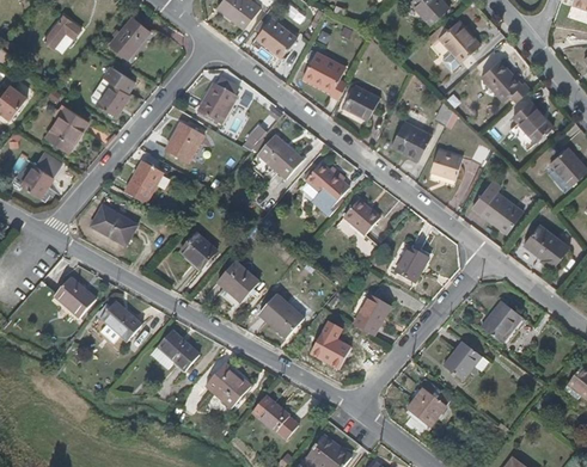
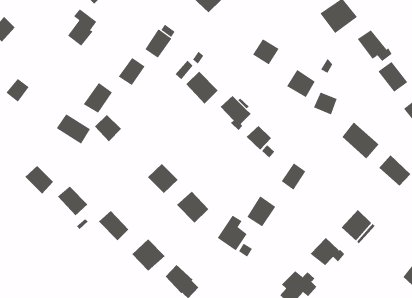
building: [301,51,344,99] -> none
building: [45,106,86,150] -> none
building: [179,233,216,270] -> [94,114,122,142]

